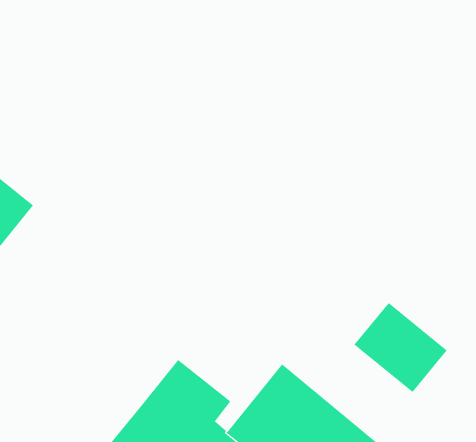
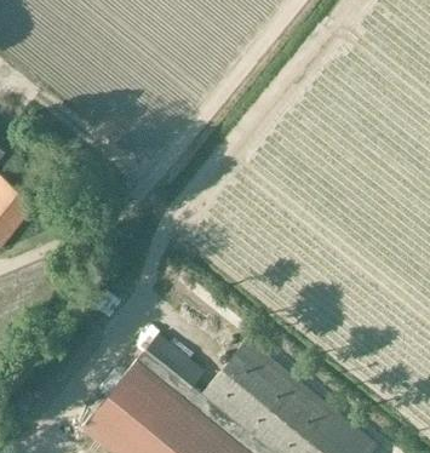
building: [354,302,448,393] -> none

